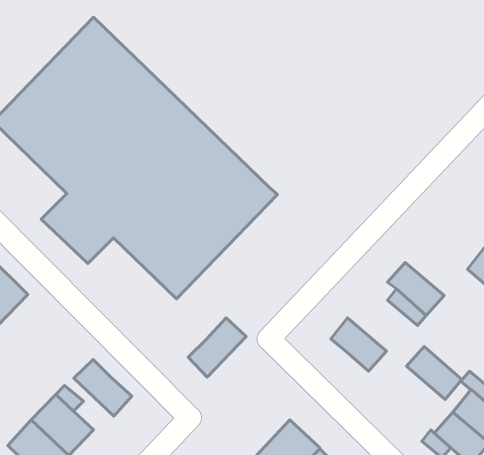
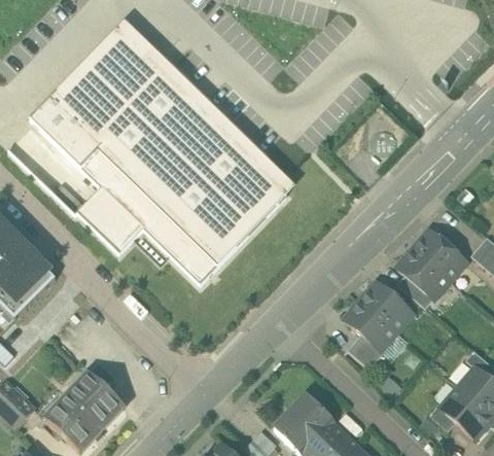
building: none -> [414,230,465,279]
building: [188,318,246,377] -> none
building: [406,346,462,400] -> [360,281,412,330]
building: none -> [348,332,383,367]
building: [74,360,132,416] -> none

